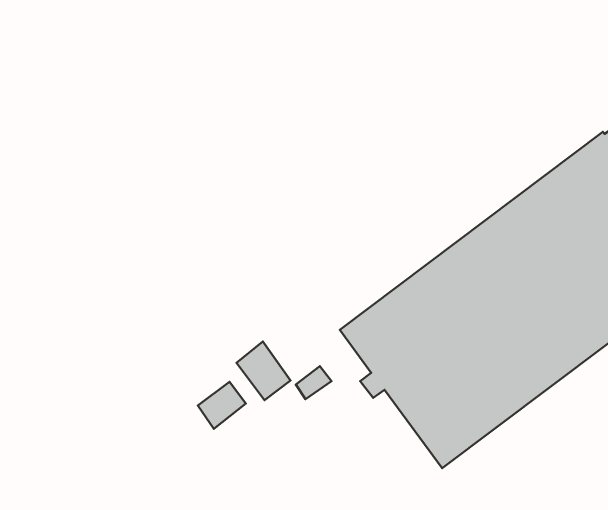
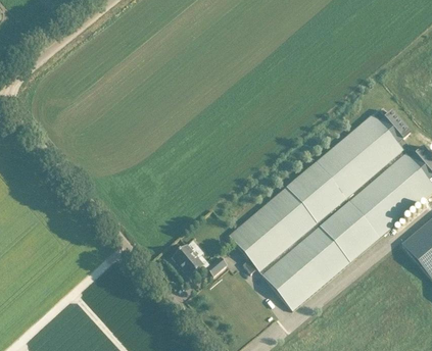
building: [198,382,246,429] -> none

